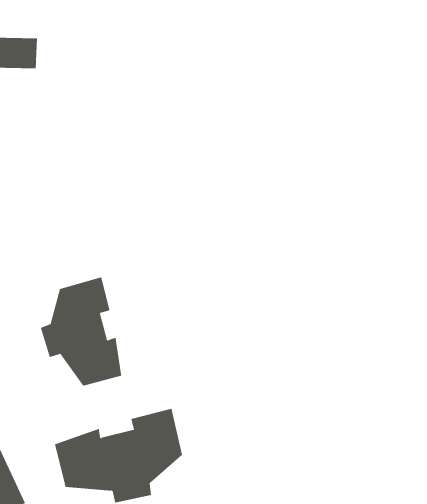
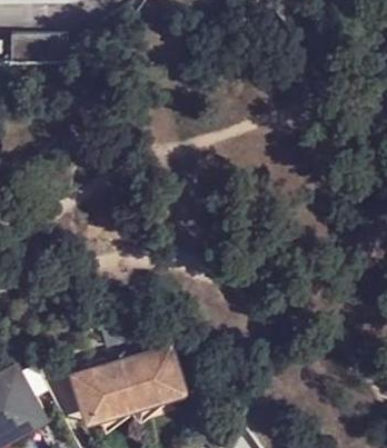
building: [40,276,122,387] -> none

